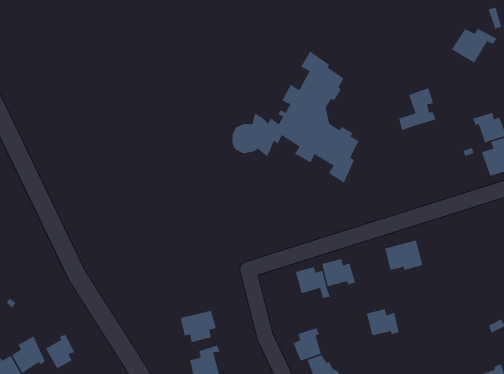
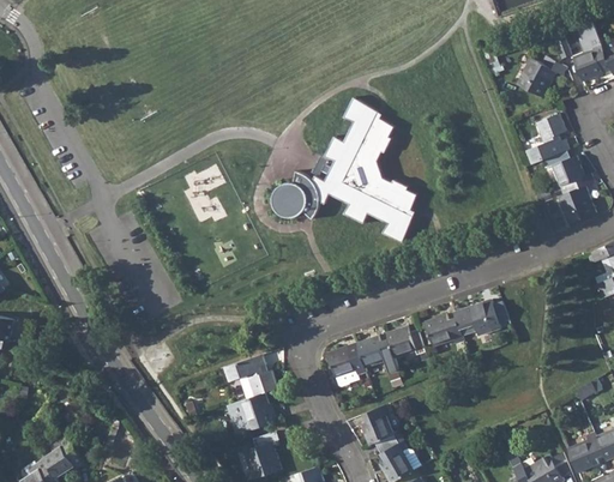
building: [398,87,436,131] -> [526,114,570,165]
building: none -> [325,344,366,386]
building: none -> [223,355,278,399]
building: [366,308,400,336] -> [425,314,464,347]
building: [45,333,75,369] -> none

